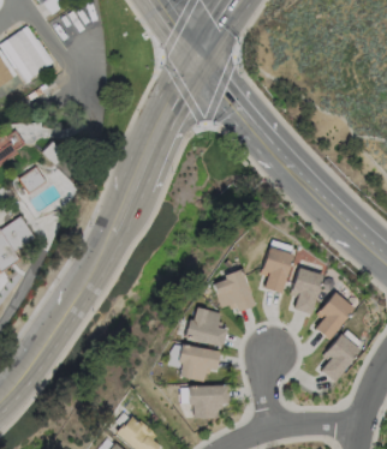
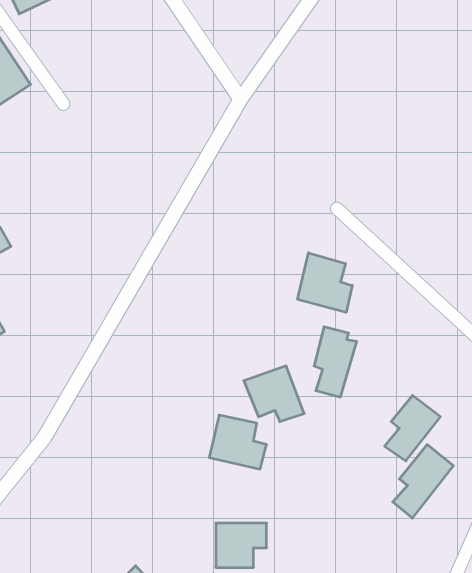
building: none -> [298,253,352,312]
building: [291,267,322,315] -> none
building: [177,345,219,381] -> none

